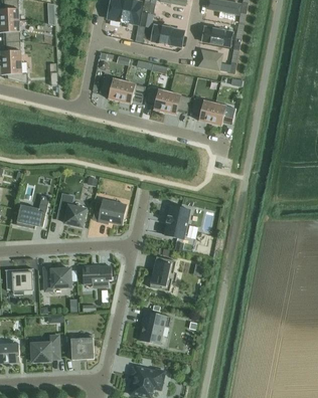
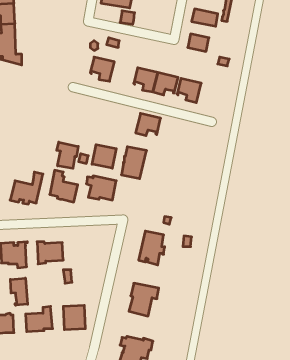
building: [152,23,184,45] -> none
building: [119,80,145,104] -> [136,113,161,136]
building: [209,103,235,126] -> none
building: none -> [57,142,78,168]
building: none -> [92,145,116,168]
building: [164,205,190,238] -> [121,147,147,179]
building: [82,265,112,287] -> none
building: none -> [10,278,28,305]

